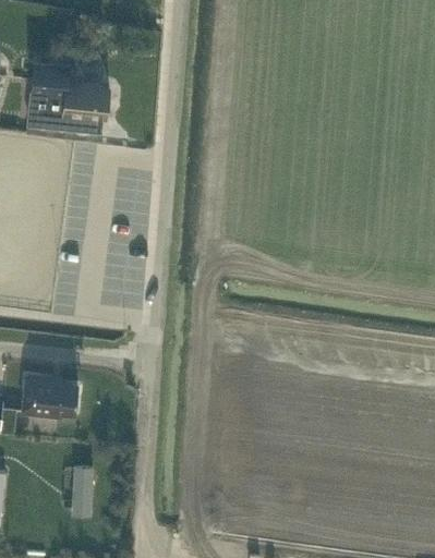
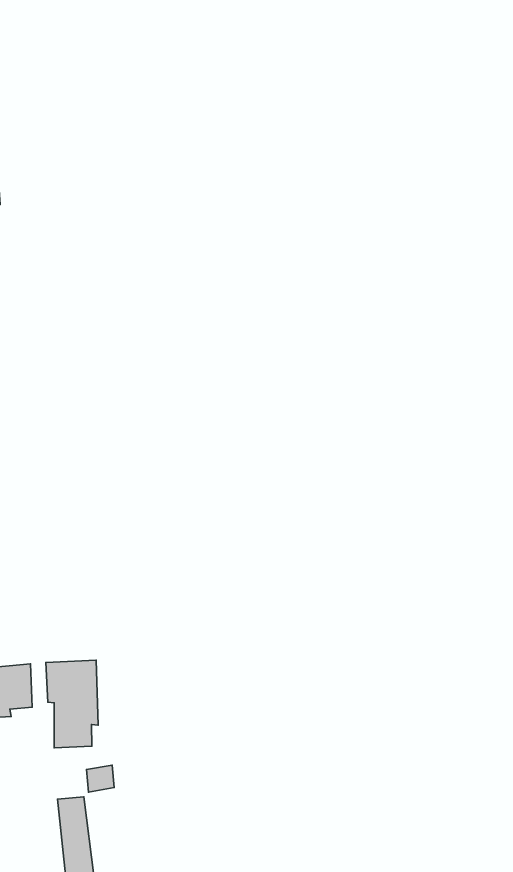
building: none -> [46,660,98,748]

